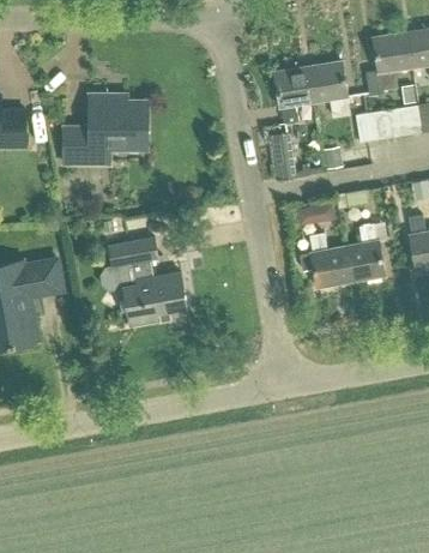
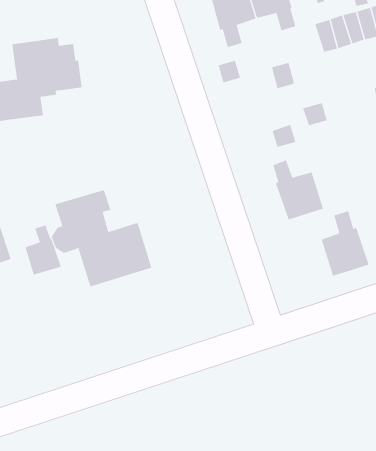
building: [344,224,385,282] -> [321,210,370,276]
building: none -> [25,225,62,276]

